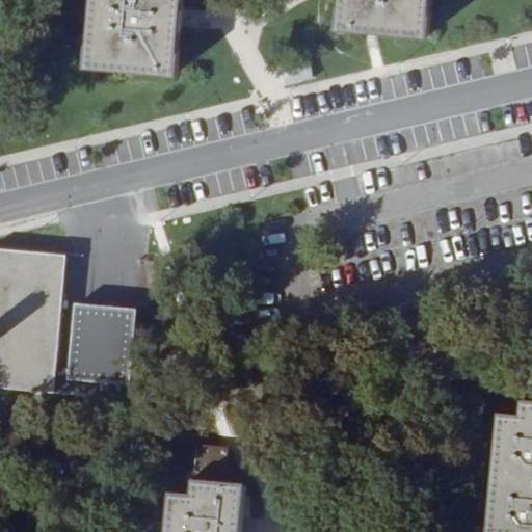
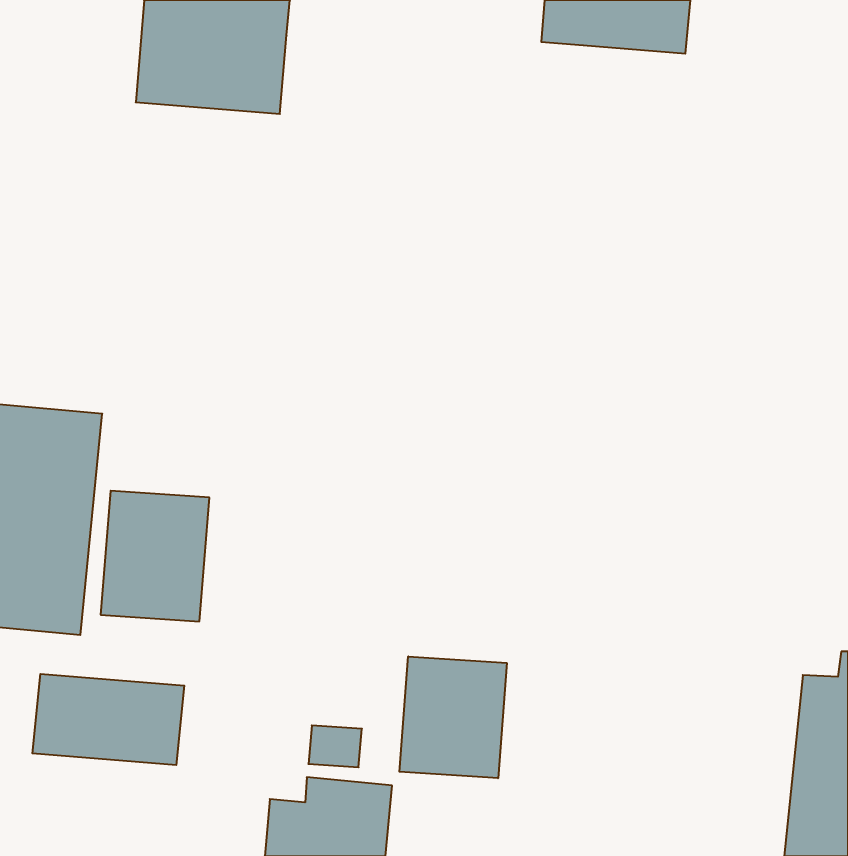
building: none -> [399,656,507,778]
building: none -> [32,674,184,765]

